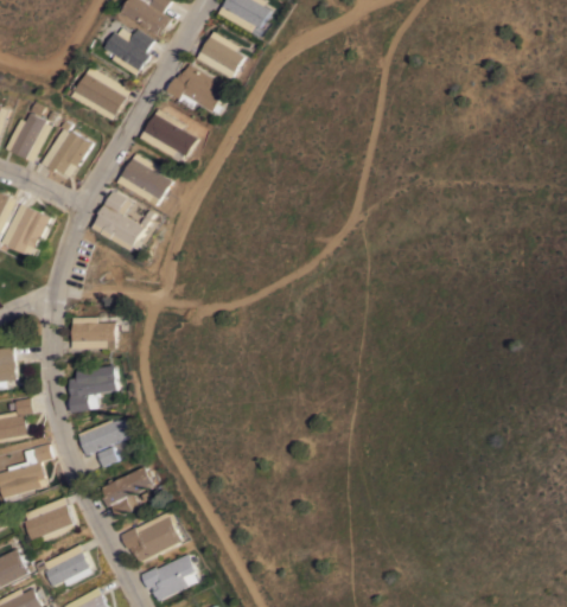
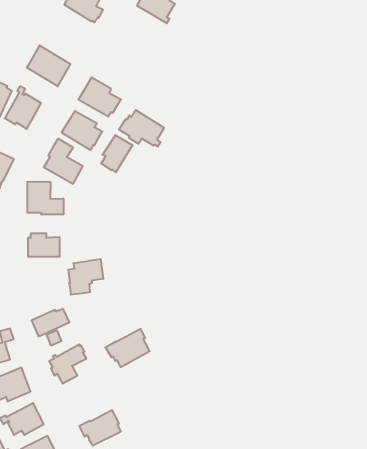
building: [102,28,152,76] -> none
building: [196,32,243,79] -> none
building: [165,65,225,114] -> [119,110,164,146]
building: none -> [101,135,132,172]
building: none -> [27,182,64,215]
building: [68,365,115,413] -> [68,259,104,295]
building: [119,511,178,562] -> [105,329,150,367]

